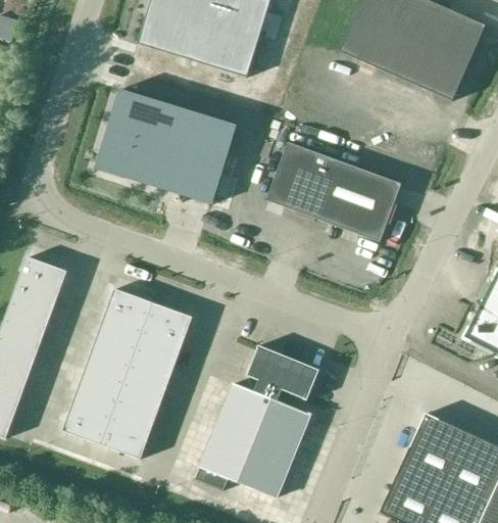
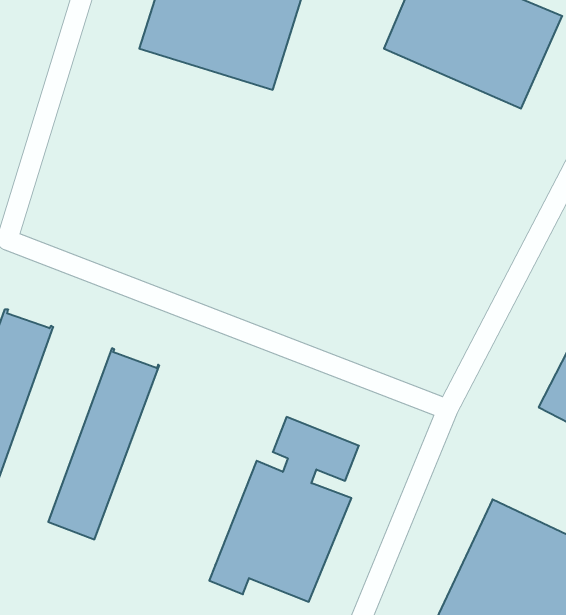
building: [95,89,237,204] -> none
building: [266,142,401,242] -> none
building: [100,303,192,460] -> none

